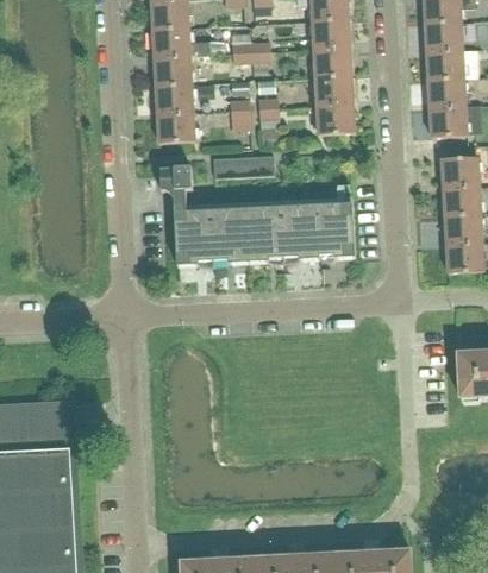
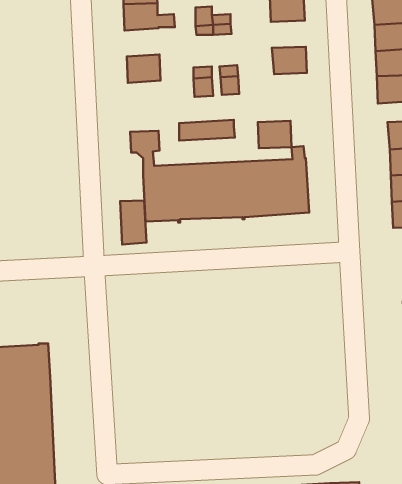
building: [313,48,351,77] -> none
building: [154,56,192,87] -> none
building: [317,105,354,134] -> [258,121,292,148]
building: [157,113,195,144] -> none
building: none -> [120,201,146,244]

